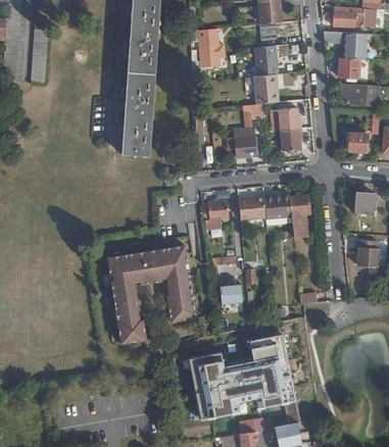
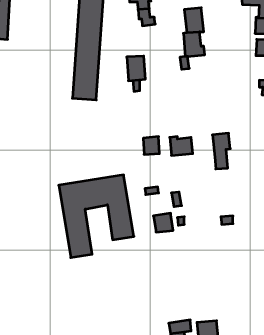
building: [270,108,301,151] -> none
building: [234,128,256,157] -> [127,56,145,81]
building: [263,195,292,226] -> none
building: [184,331,291,416] -> none

